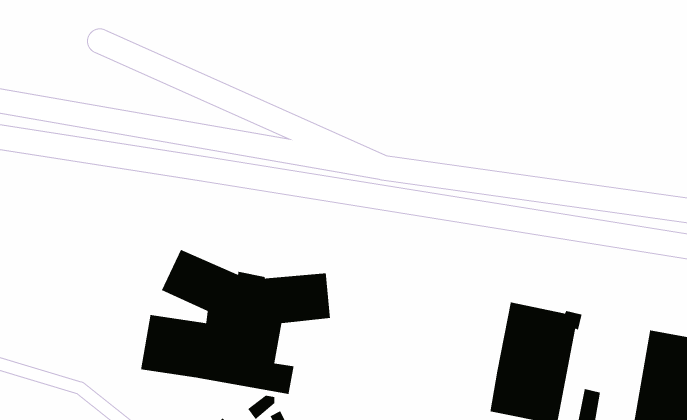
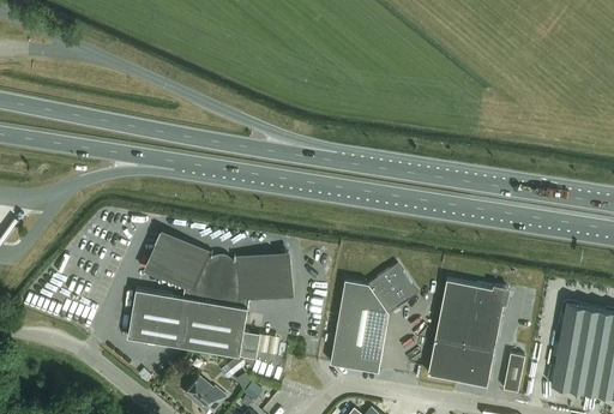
building: none -> [330,264,417,373]

